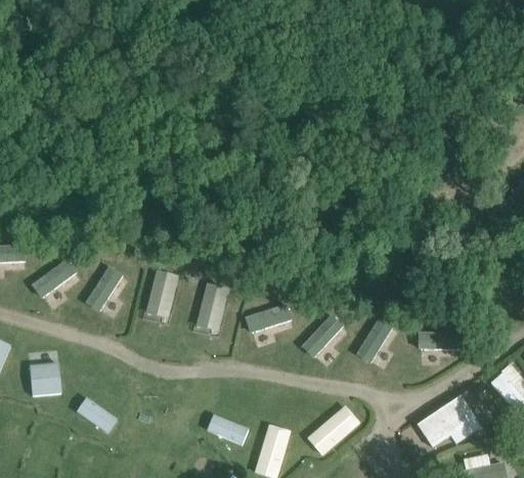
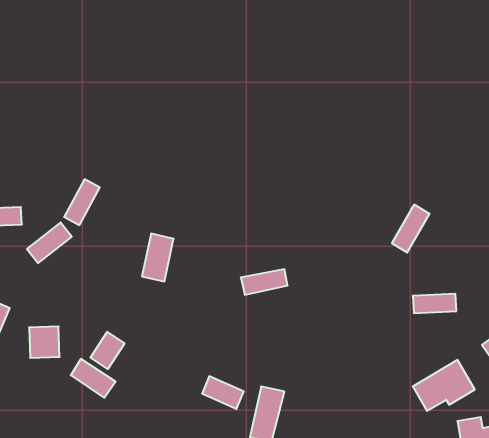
building: [85,266,121,312] -> [64,179,100,225]
building: [203,285,223,331] -> none
building: [300,310,344,359] -> none
building: [355,316,393,364] -> [392,205,430,253]
building: none -> [91,332,124,369]
building: [305,405,361,458] -> none

